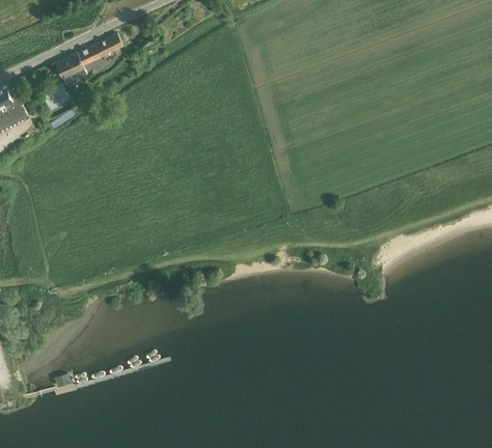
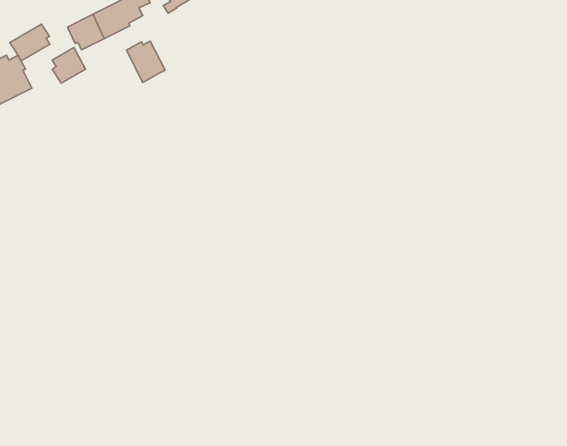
building: none -> [10,24,50,61]
building: none -> [126,41,165,82]

